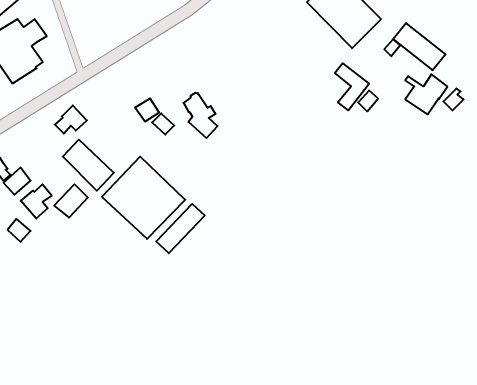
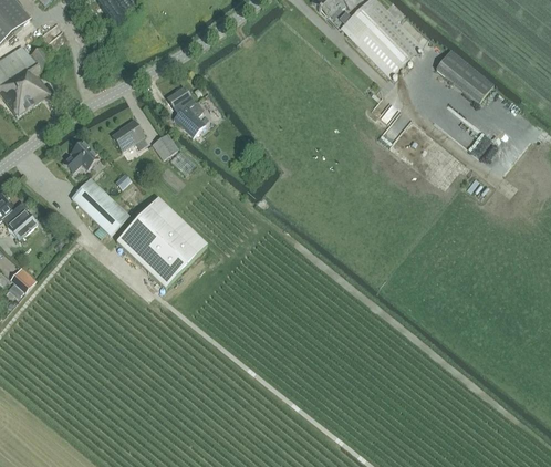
building: none -> [112,120,147,151]
building: [183,93,218,138] -> [167,86,205,136]
building: [21,184,52,219] -> none
building: [54,184,88,218] -> none
building: [156,204,205,253] -> none

